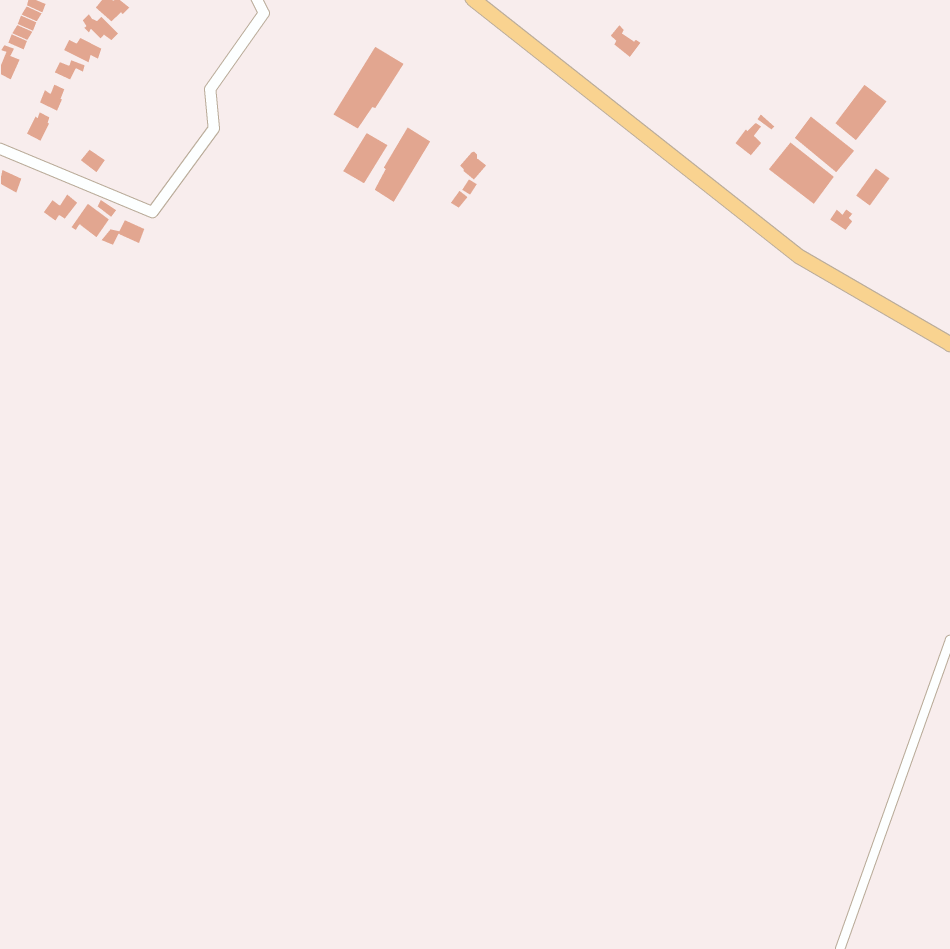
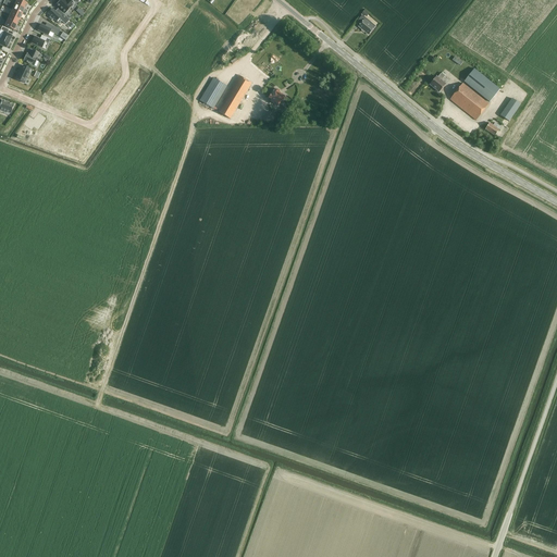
building: [333,46,404,130] -> none
building: [834,84,888,141] -> none

